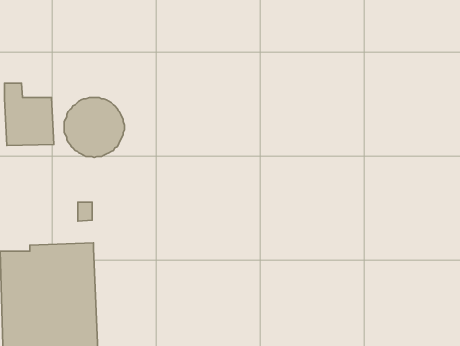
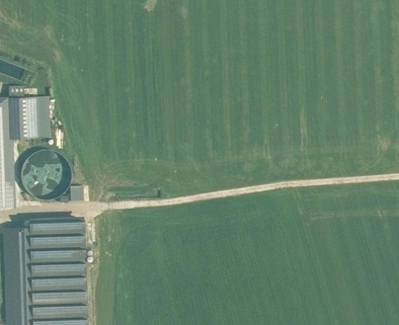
building: [64,98,124,158] -> [20,149,71,199]

